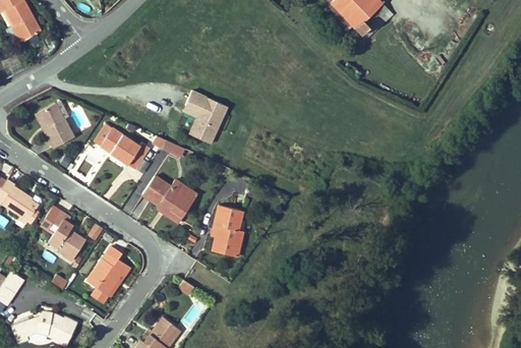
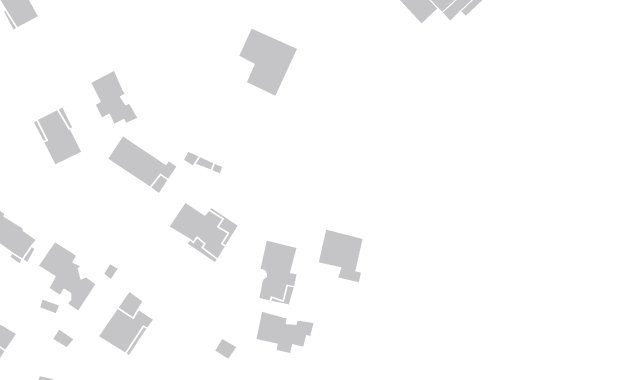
building: none -> [90,70,139,125]
building: [182,92,229,146] -> [238,28,298,97]
building: none -> [318,229,363,283]
building: none -> [256,311,315,354]

